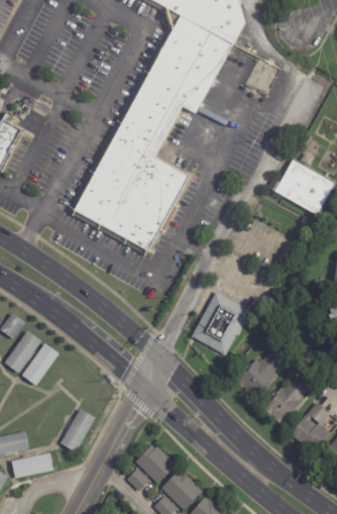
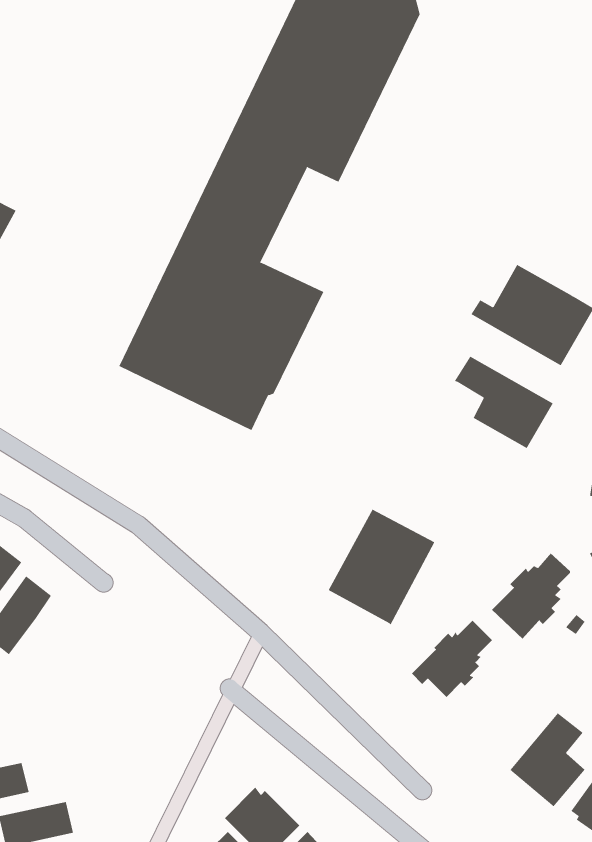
building: none -> [454,356,553,449]
building: [21,342,59,385] -> none
building: [263,379,307,426] -> [491,553,571,640]
building: [60,408,95,451] -> none

